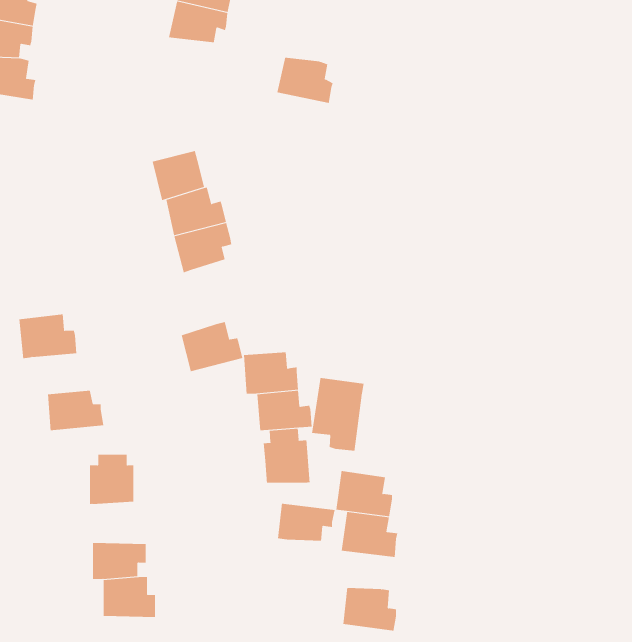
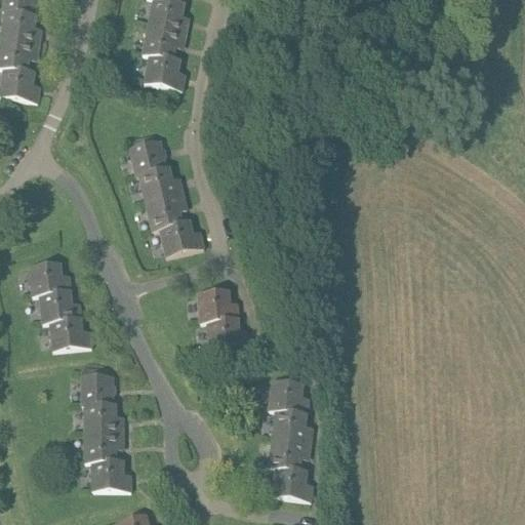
building: [276,57,334,104] -> [142,54,185,89]
building: [181,321,243,372] -> [157,218,204,256]
building: none -> [37,291,81,323]
building: [311,377,364,452] -> none
building: [263,428,310,483] -> none
building: none -> [82,403,123,435]
building: [277,503,336,541] -> [267,440,311,469]

